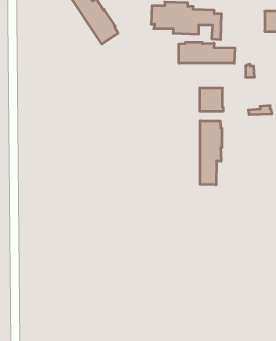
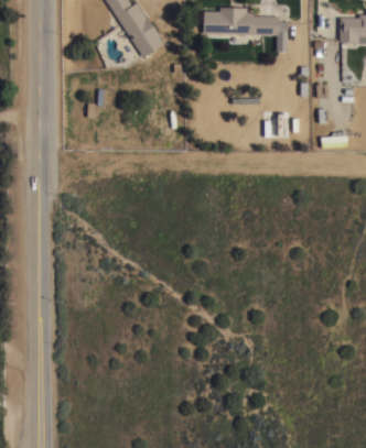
building: [179,42,235,63] -> none
building: [200,121,222,185] -> none

